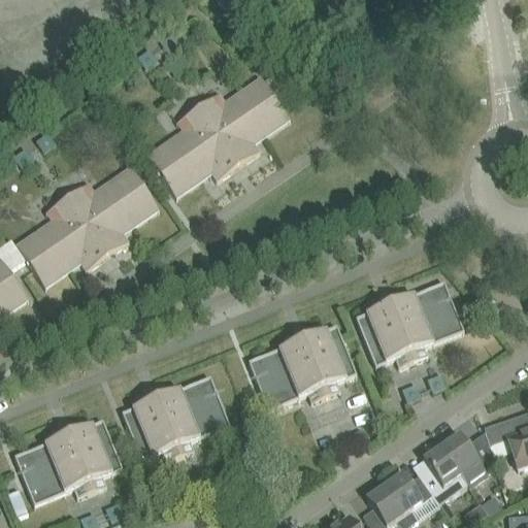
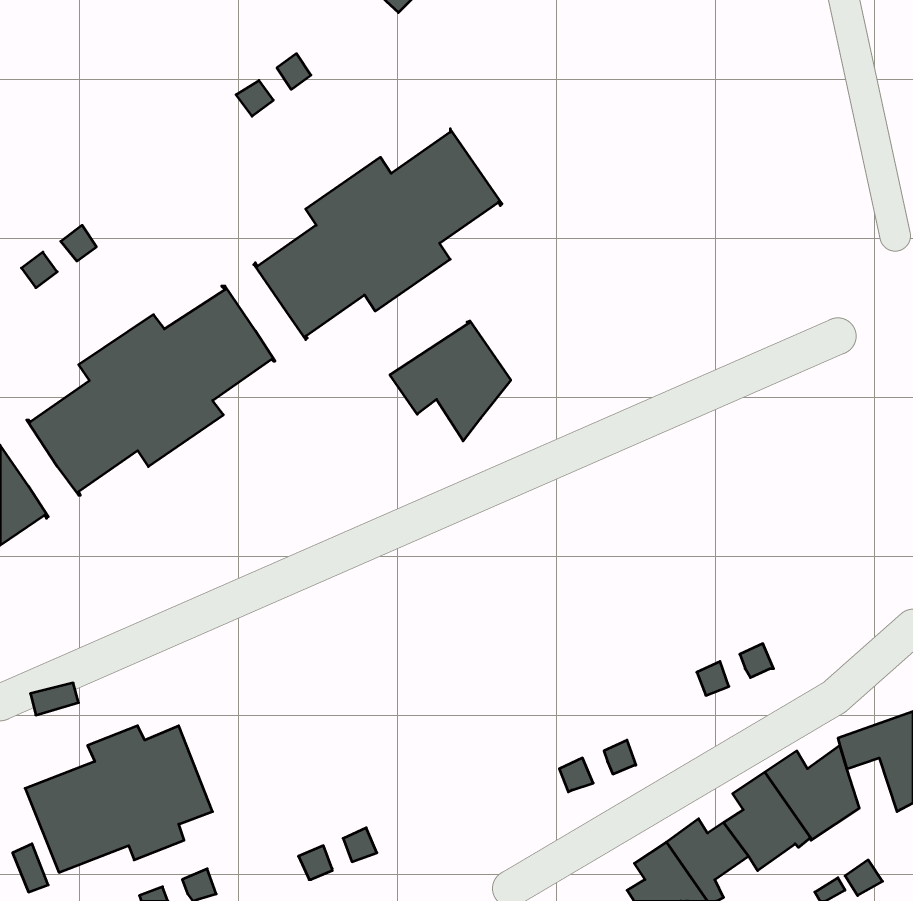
building: none -> [390,321,511,441]
building: [356,280,464,366] -> none
building: [249,324,357,408] -> none
building: [122,375,230,460] -> none

